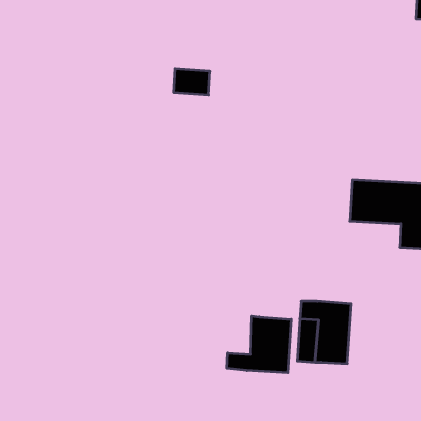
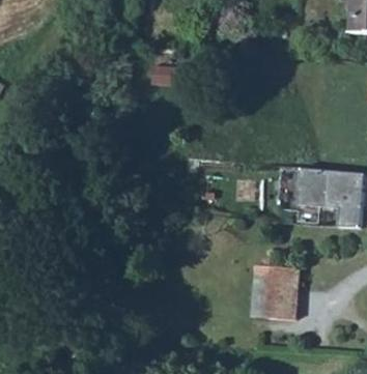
building: [227,316,291,373] -> none

